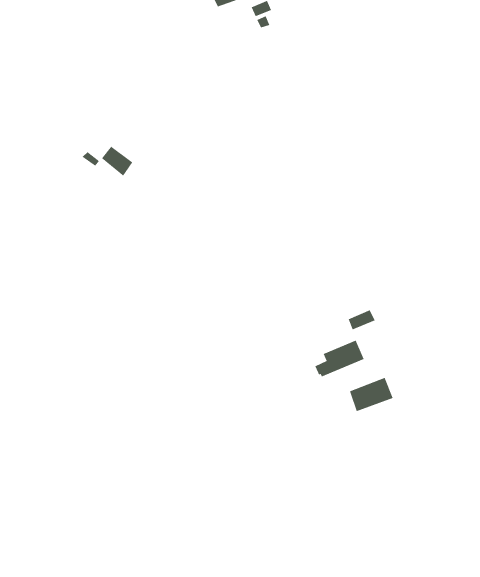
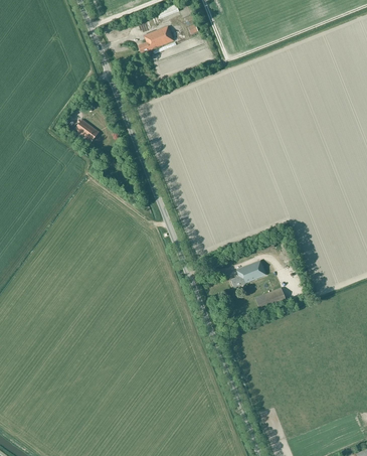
building: none -> [138,27,174,53]

